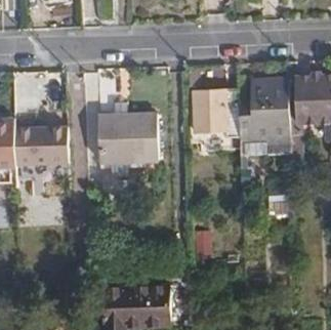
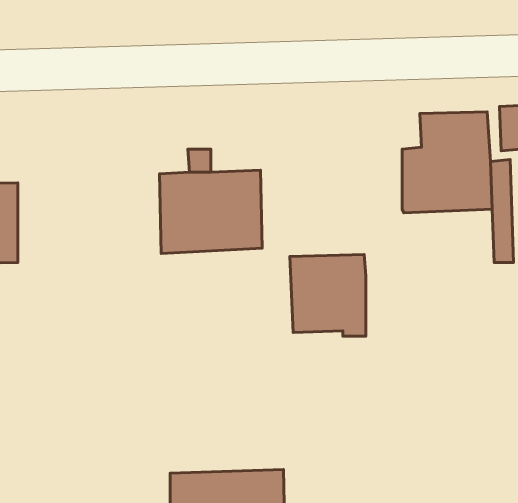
building: [194,90,238,137] -> [290,255,366,336]
building: [17,125,70,166] -> none

